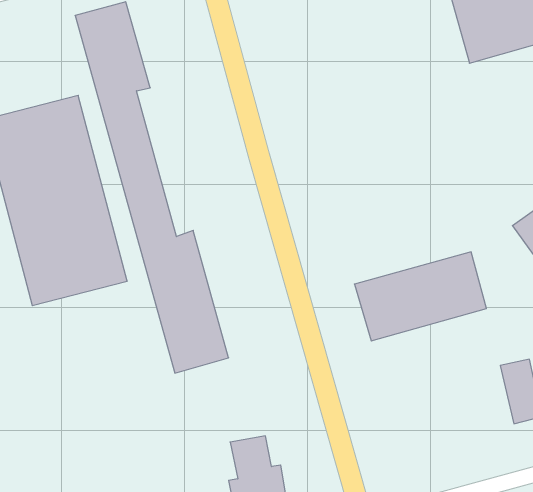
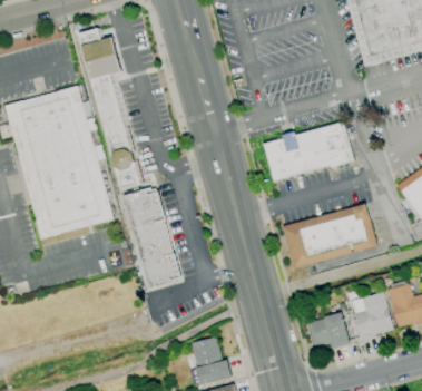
building: none -> [262,121,353,183]
building: none -> [350,292,393,340]
building: none -> [307,314,349,349]

